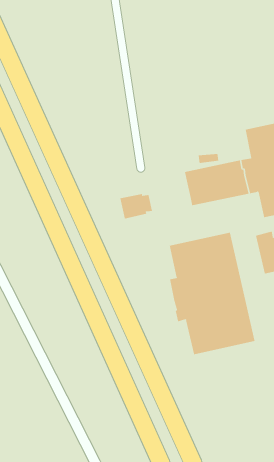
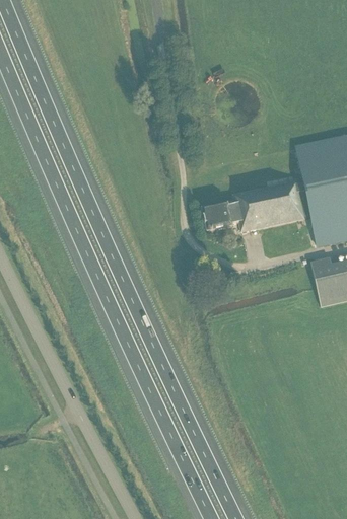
building: [120,194,153,219] -> [203,203,239,231]
building: [169,232,255,355] -> none

